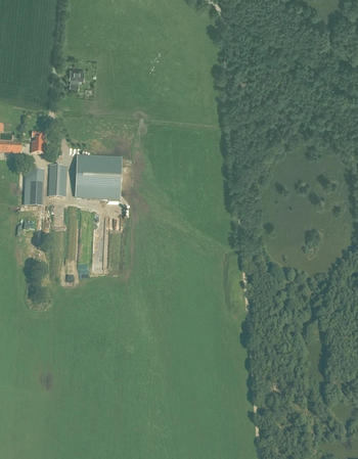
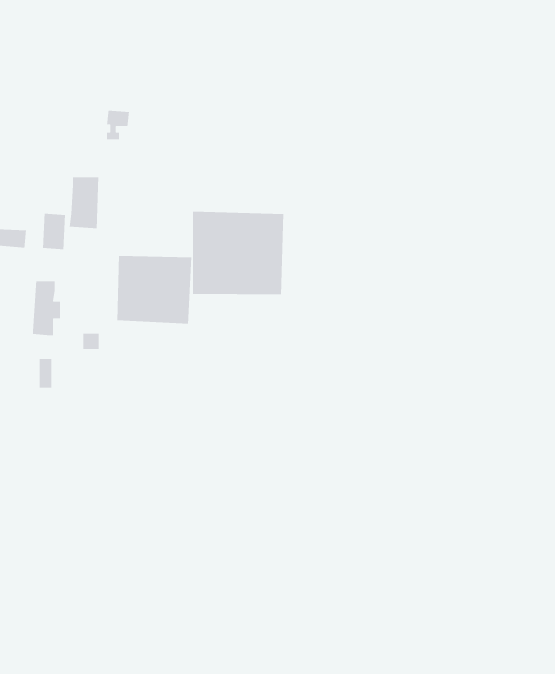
building: none -> [192,211,284,295]
building: [48,165,66,196] -> [69,177,99,229]

